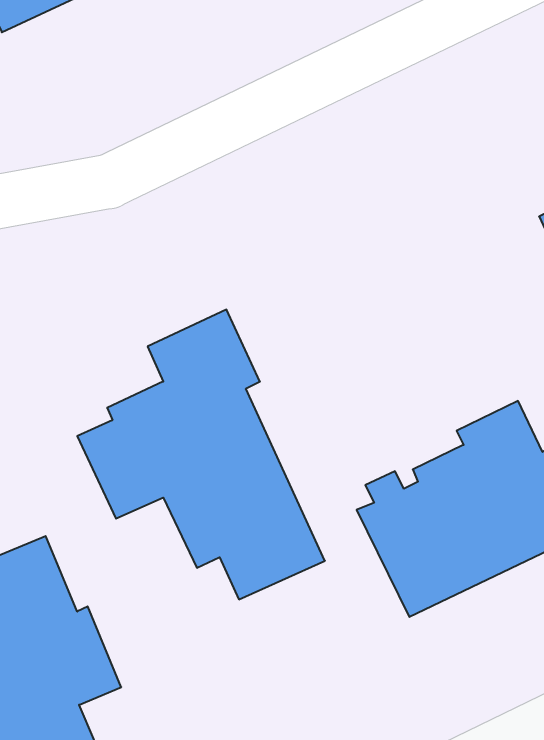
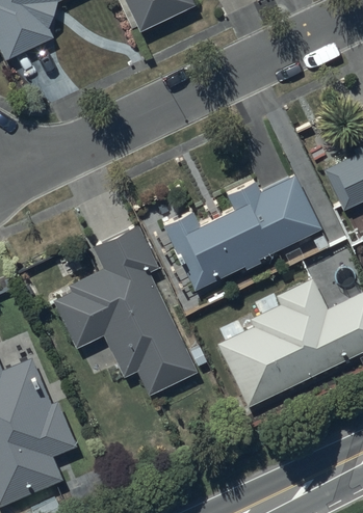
building: none -> [162,176,319,292]

